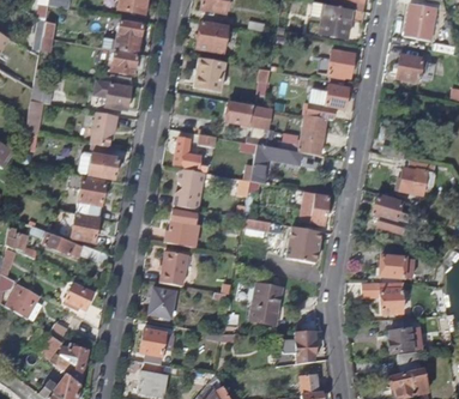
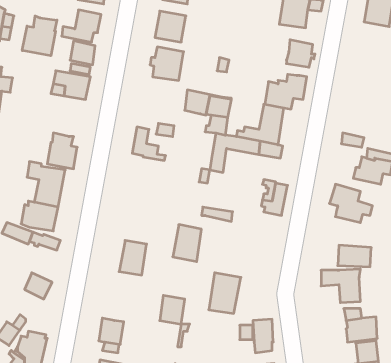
building: none -> [22,16,57,56]
building: [397,54,427,81] -> none
building: [89,110,119,146] -> none
building: [175,168,205,208] -> none
building: [168,208,197,246] -> [173,225,201,262]
building: [286,229,320,262] -> none
building: [150,288,175,316] -> [160,295,185,324]

